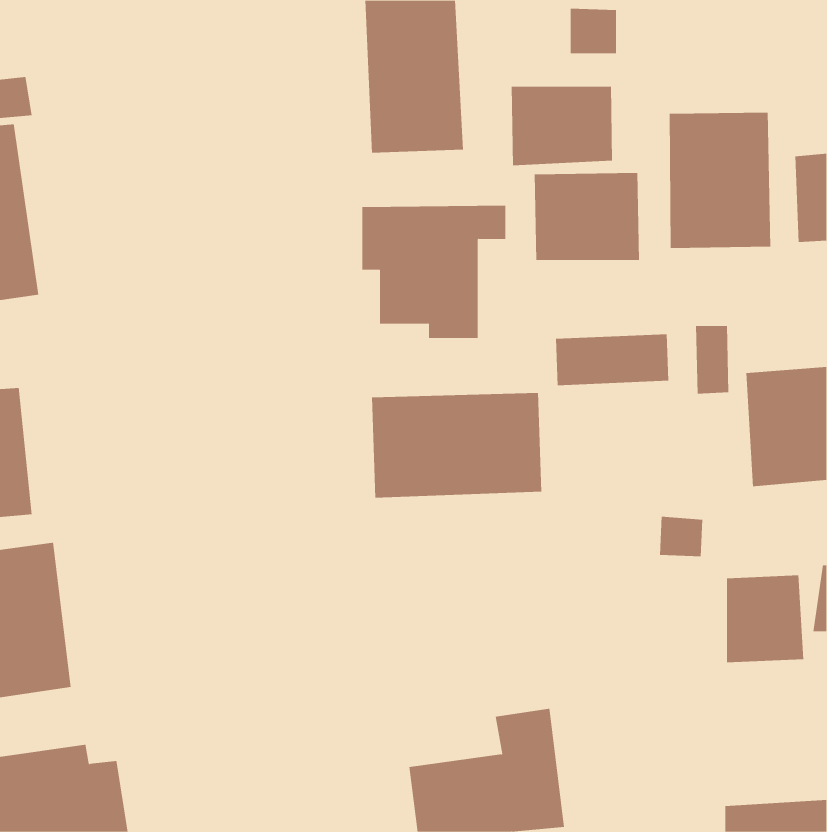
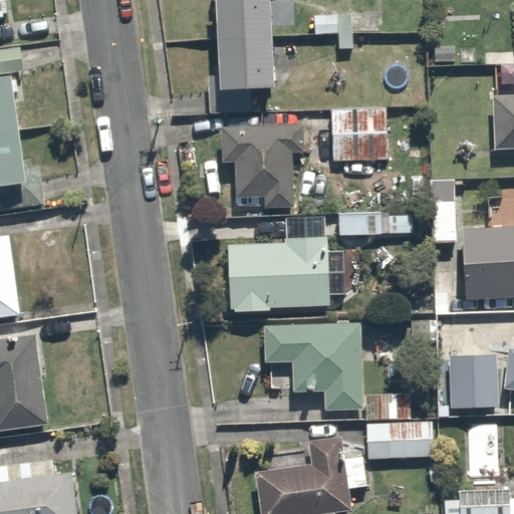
building: [511,86,612,166] -> none
building: [669,112,771,249] -> none
building: none -> [271,323,372,413]
building: none -> [364,421,431,460]

